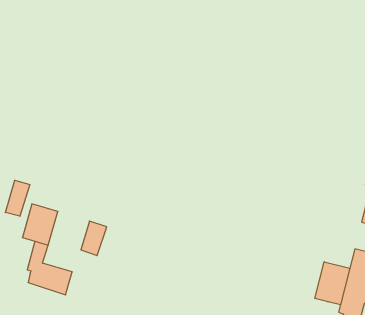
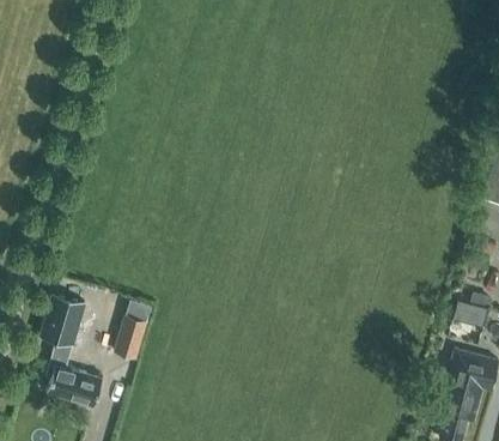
building: [5,180,30,216] -> none
building: [315,262,350,305] -> none

